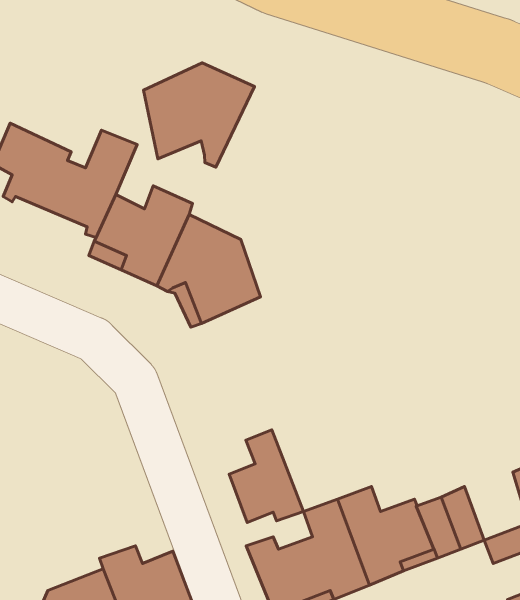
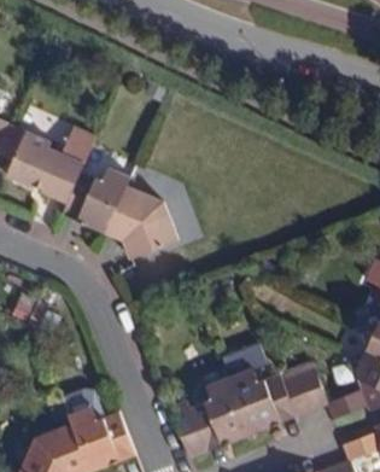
building: [143,63,254,167] -> none
building: [229,430,303,522] -> none

